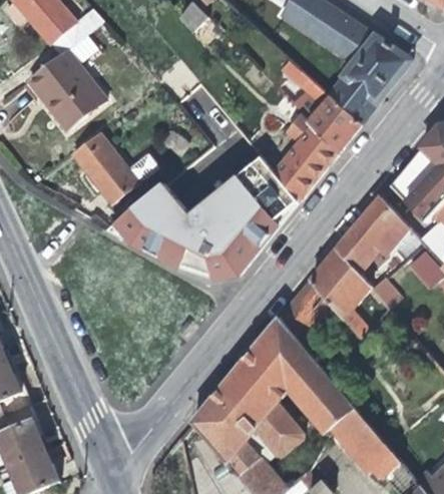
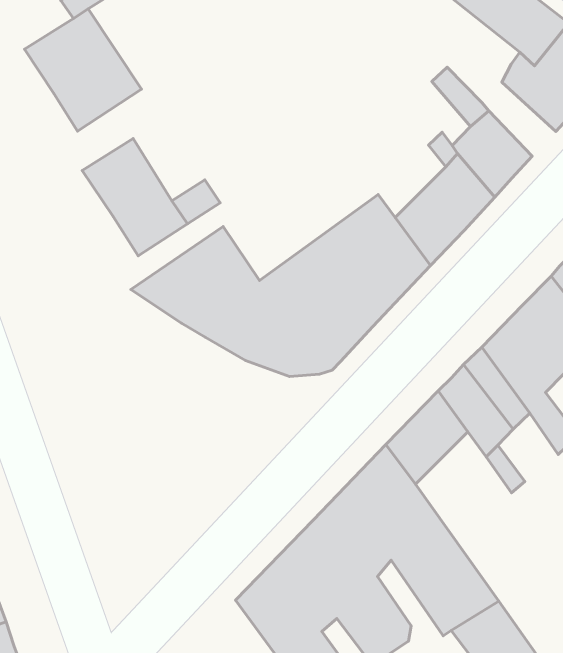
building: [324,77,373,123] -> none

